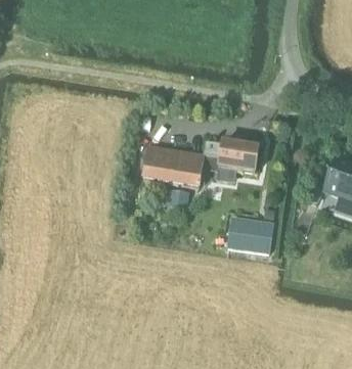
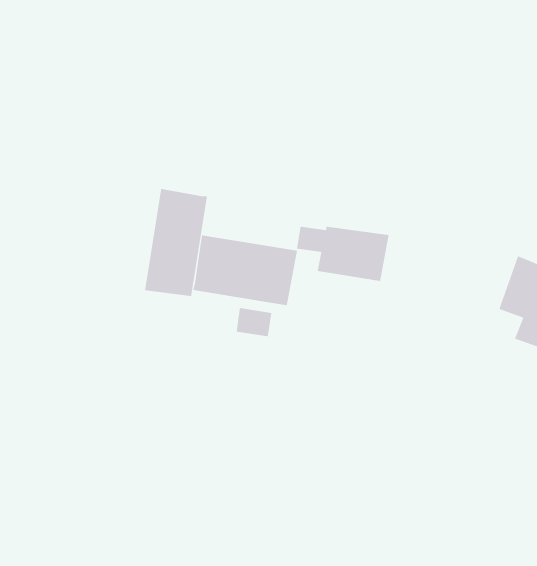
building: none -> [144,188,207,297]
building: [227,216,273,252] -> none

